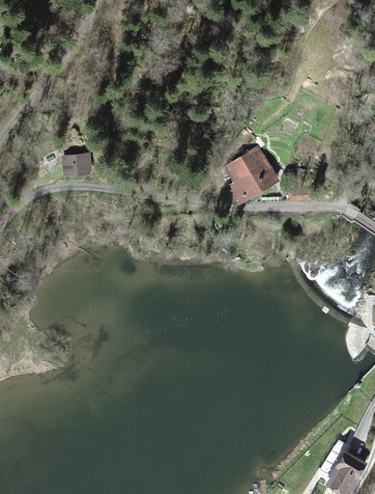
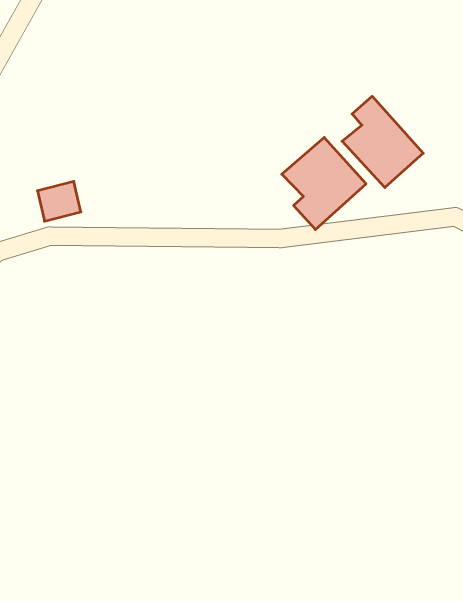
building: none -> [342,96,423,188]

